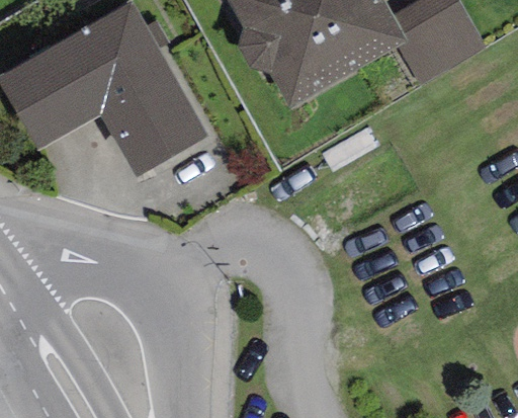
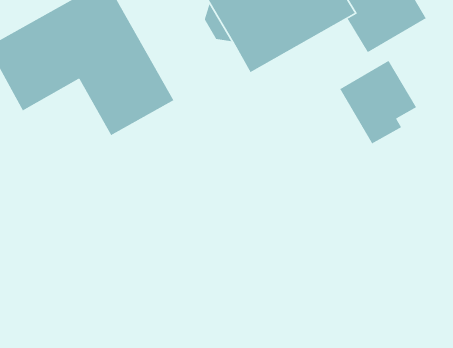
building: none -> [339,60,417,145]

